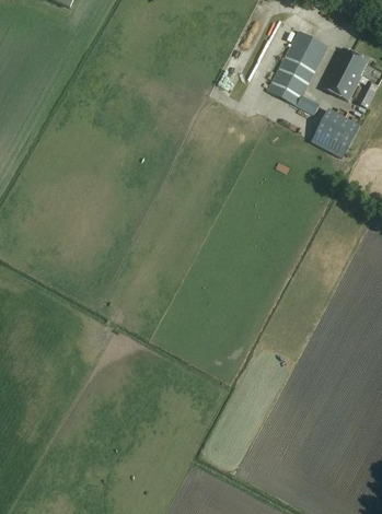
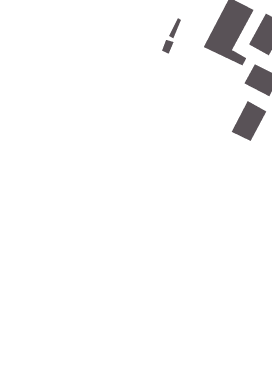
building: none -> [231,100,267,142]

